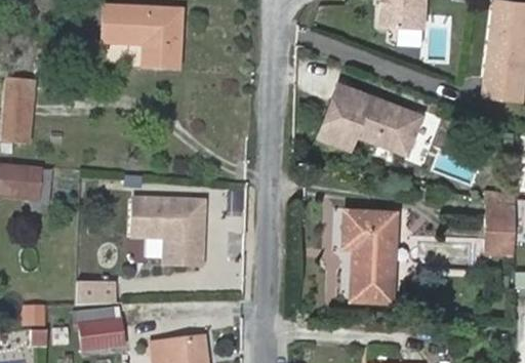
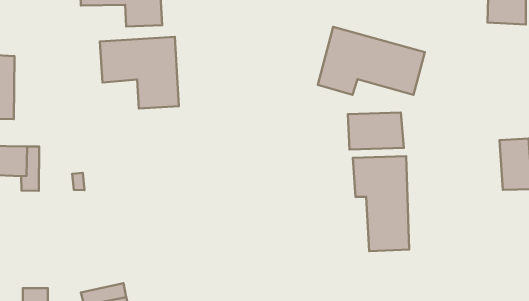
building: none -> [348,112,404,150]
building: [131,197,203,265] -> [100,37,179,109]
building: [75,280,112,304] -> none

